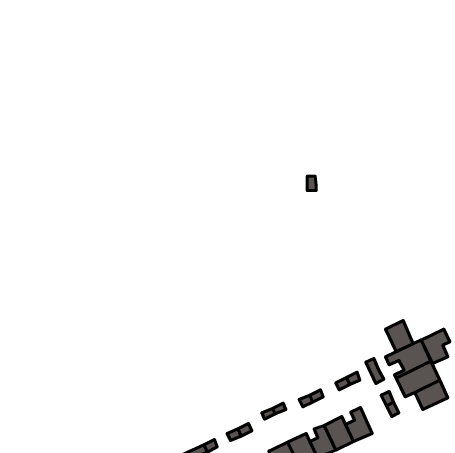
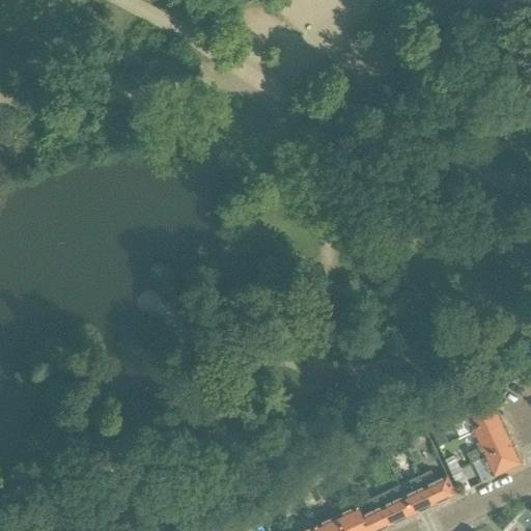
building: [386,320,413,352] -> none
building: [421,329,450,363] -> none
building: none -> [420,473,455,507]

